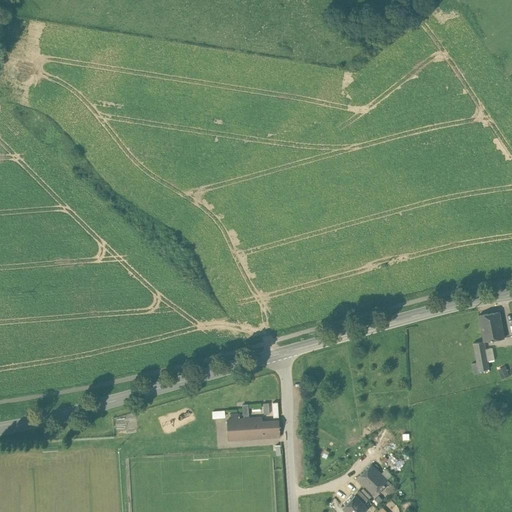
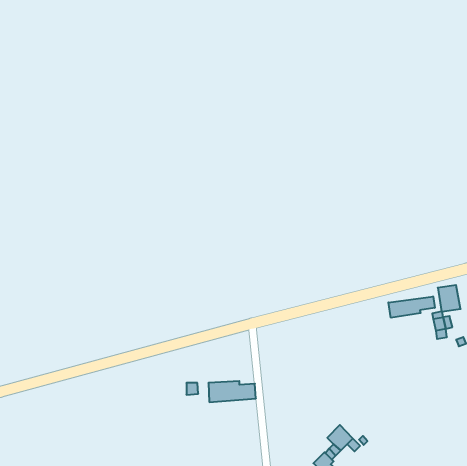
building: none -> [388,296,435,318]

